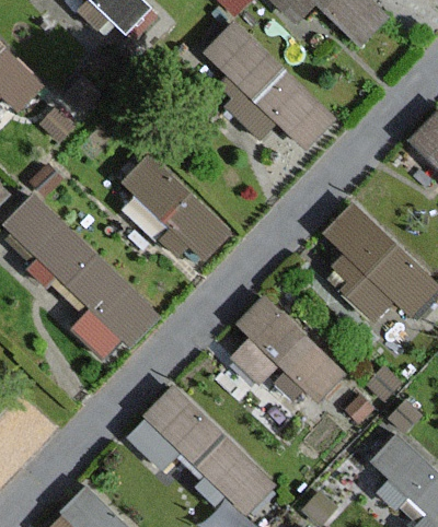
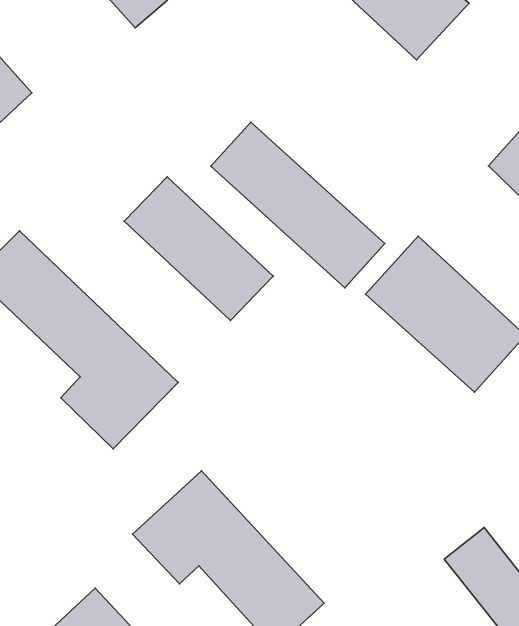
building: [199,20,337,151] -> [211,122,385,288]
building: [221,301,345,403] -> none

